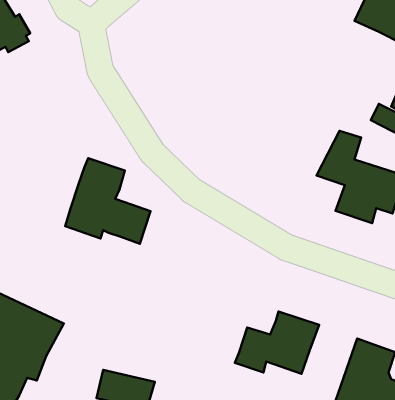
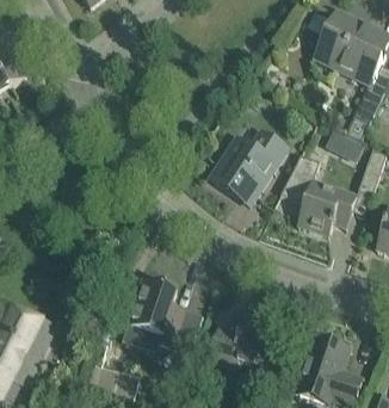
building: none -> [210,131,286,199]
building: [65,158,151,244] -> [123,279,198,354]

